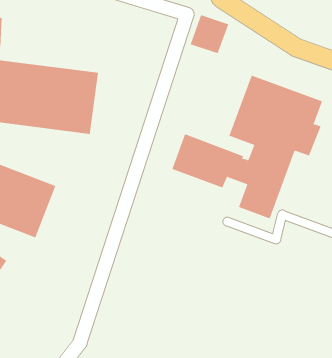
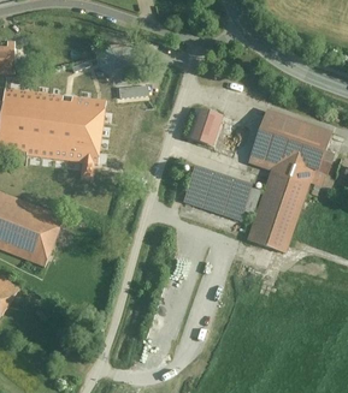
building: [190,15,229,54] -> [188,107,228,147]

